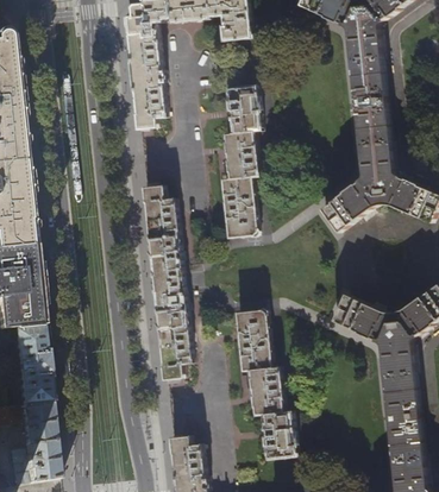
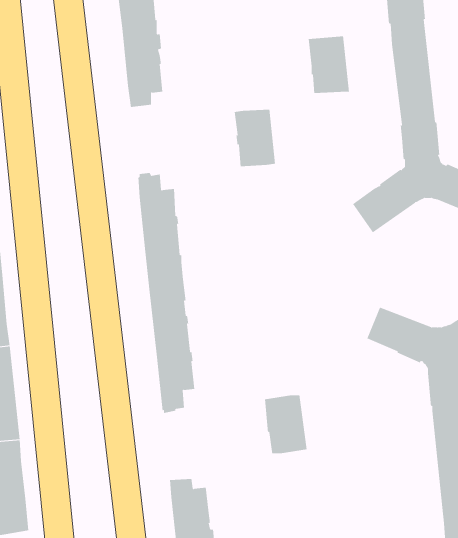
building: [227,84,262,132] -> [308,36,350,94]
building: [222,177,258,238] -> none
building: [237,309,272,371] -> none
building: [263,410,297,459] -> none

